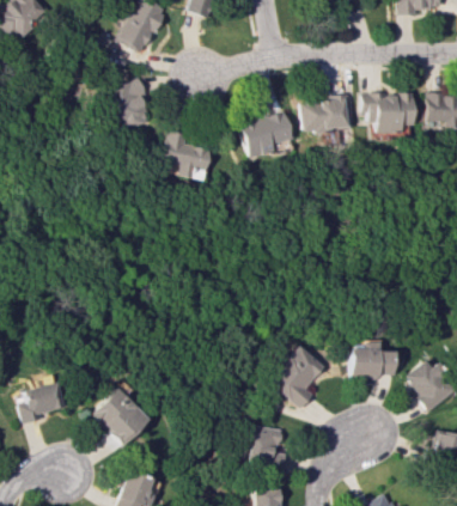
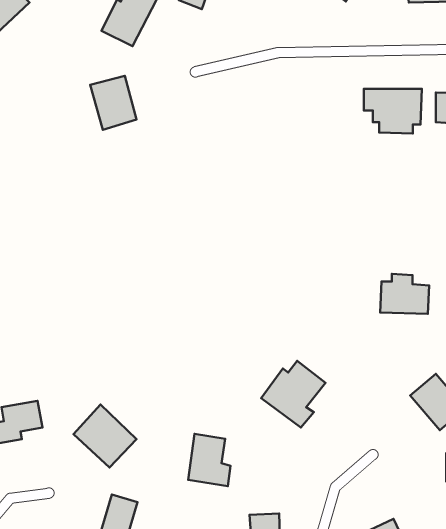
building: [299,97,349,134] -> none
building: [238,110,292,159] -> none
building: [160,130,208,181] -> none
building: [349,341,395,378] -> [380,274,429,314]
building: [248,425,287,474] -> [188,434,230,486]

